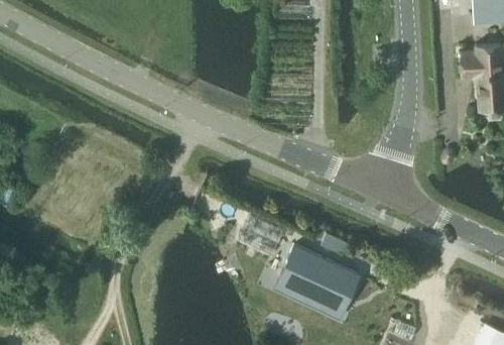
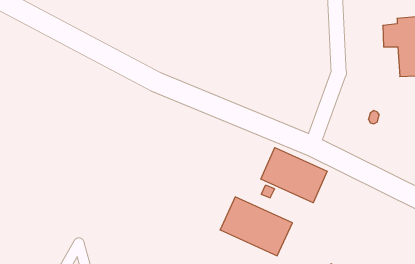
building: none -> [261,148,327,203]

